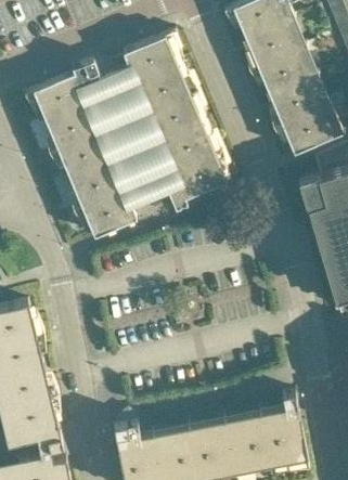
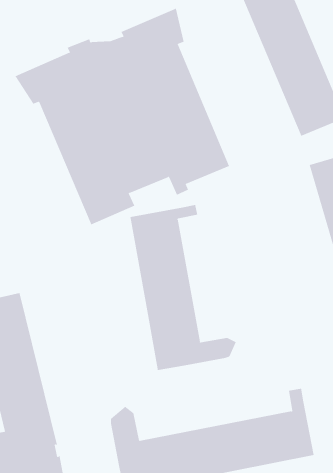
building: none -> [130,204,237,371]

